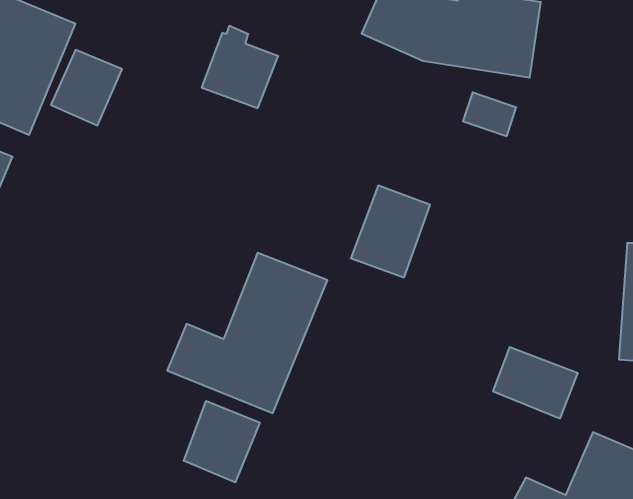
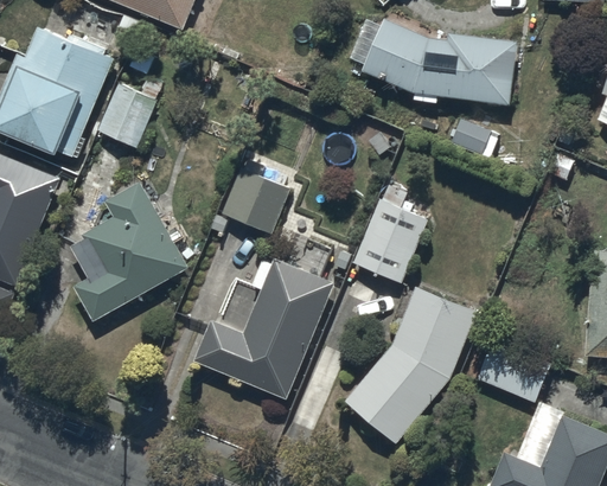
building: [202,26,278,108] -> [221,162,287,234]
building: none -> [72,179,187,320]
building: none -> [346,284,475,441]
building: [184,401,260,482] -> none

